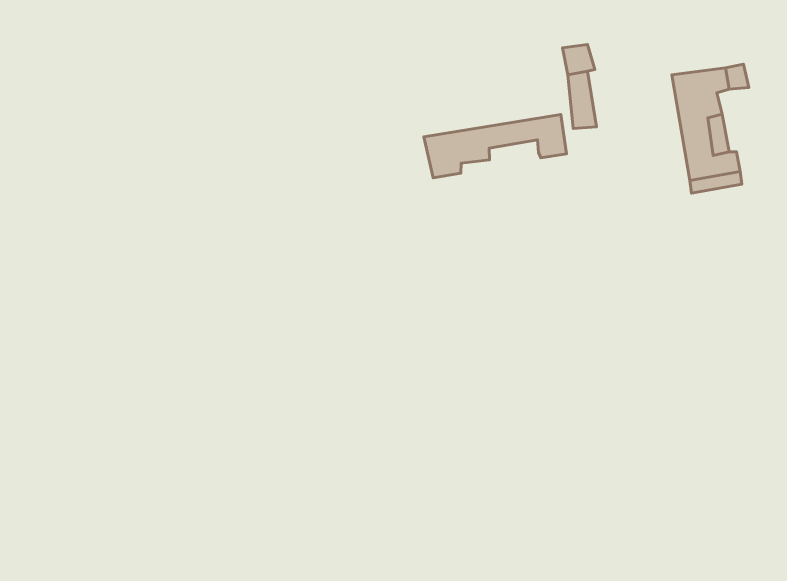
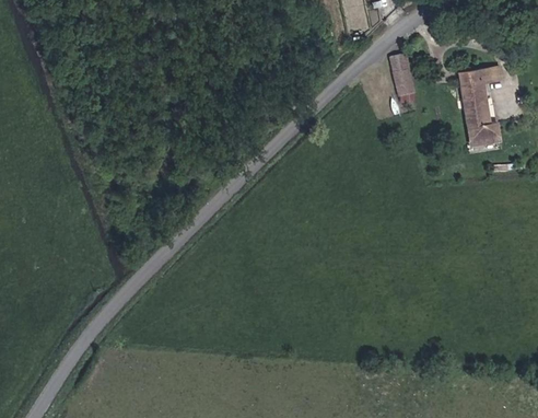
building: [424,115,567,178] -> none

